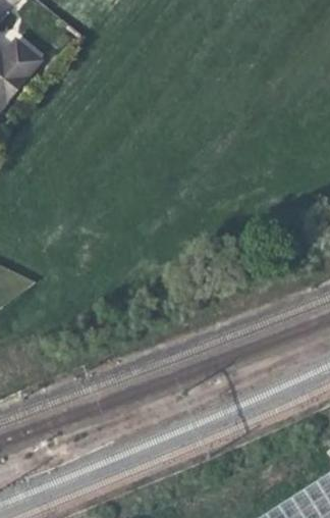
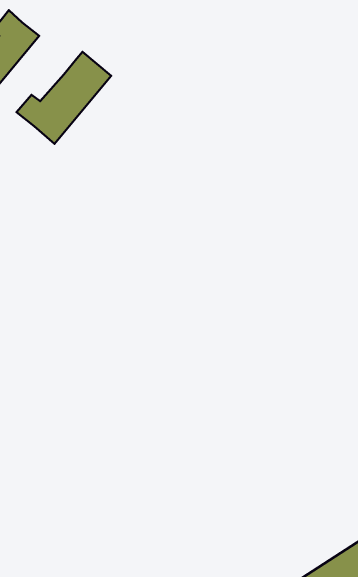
building: none -> [17,52,111,144]

